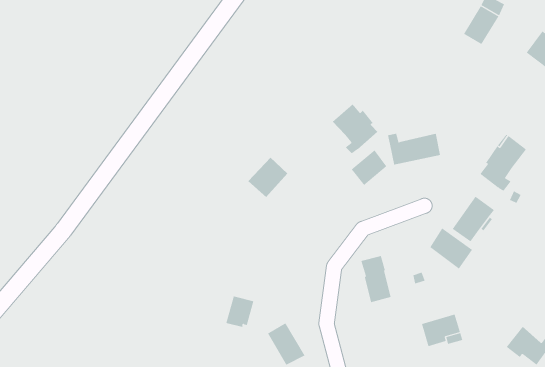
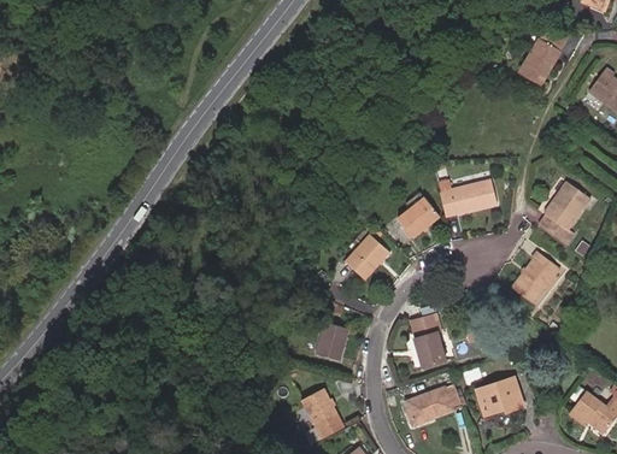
building: [332,103,378,154] -> none
building: [247,157,288,198] -> [346,234,390,278]
building: [430,228,473,270] -> none
building: [226,296,254,328] -> [319,323,351,358]
building: none -> [405,383,460,421]

